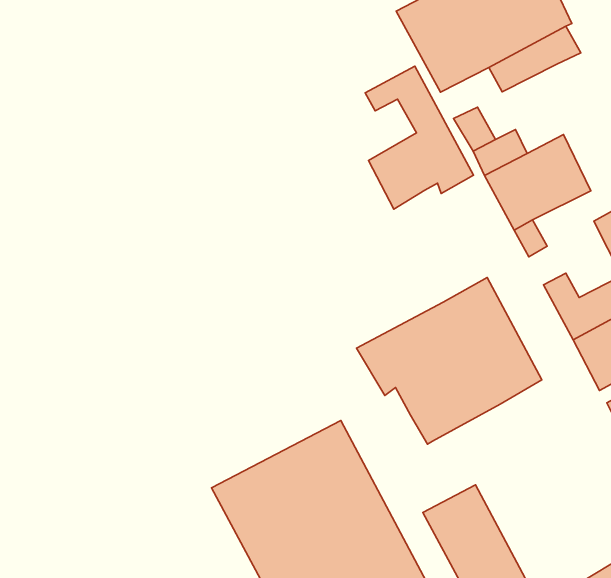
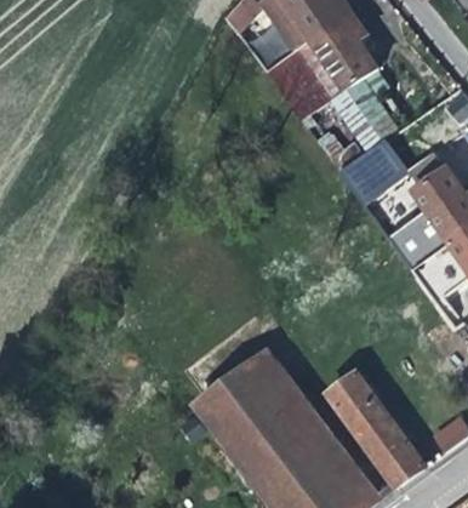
building: none -> [341,93,396,149]
building: [365,66,474,209] -> none
building: [356,277,542,444] -> none

